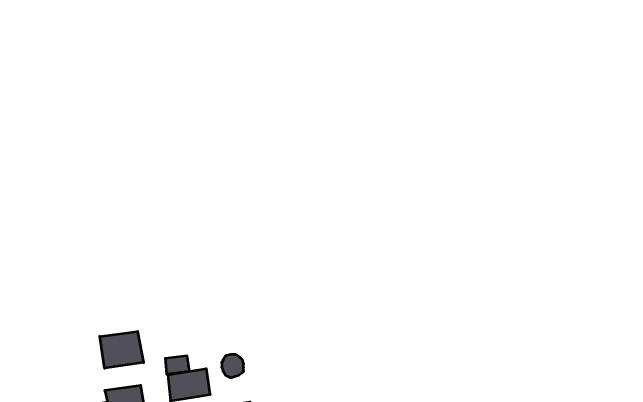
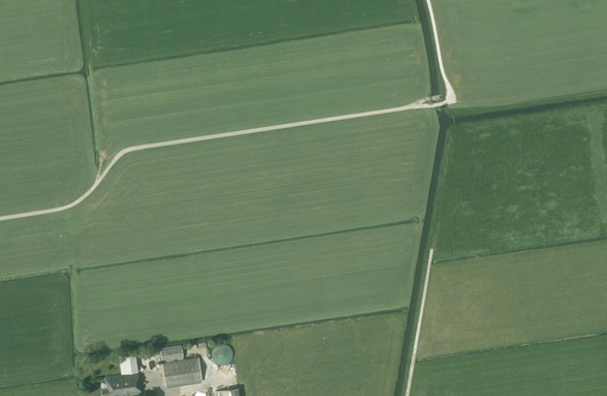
building: [100,331,144,368] -> none

